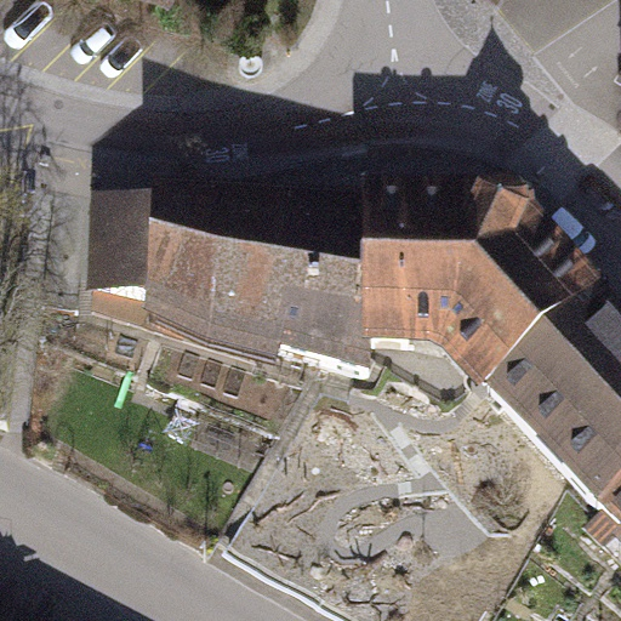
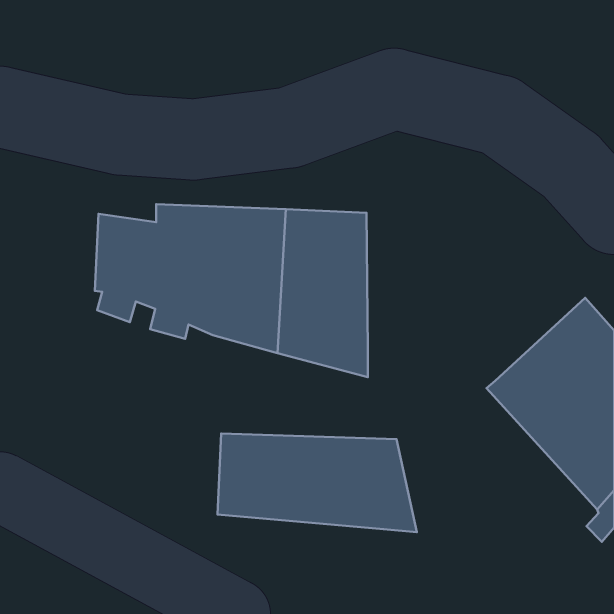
building: [370,209,591,384] -> none
building: none -> [218,433,417,532]

